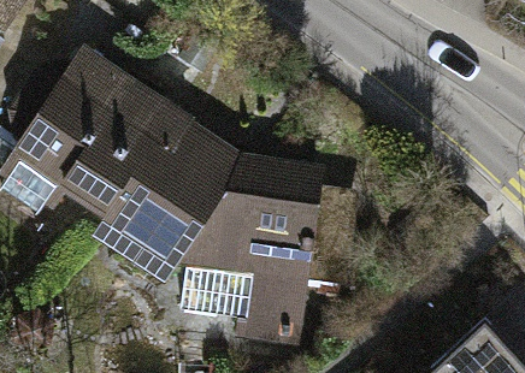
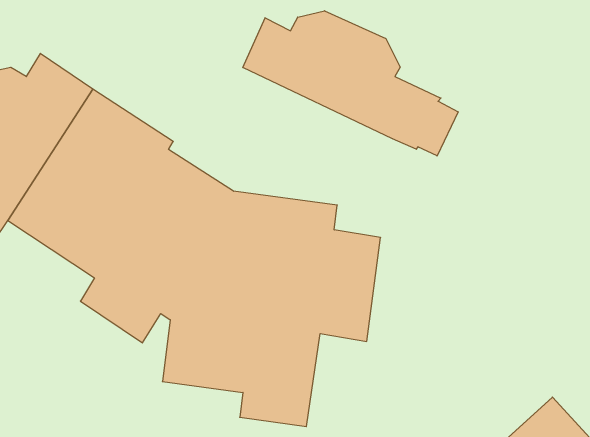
building: none -> [243,11,458,156]

